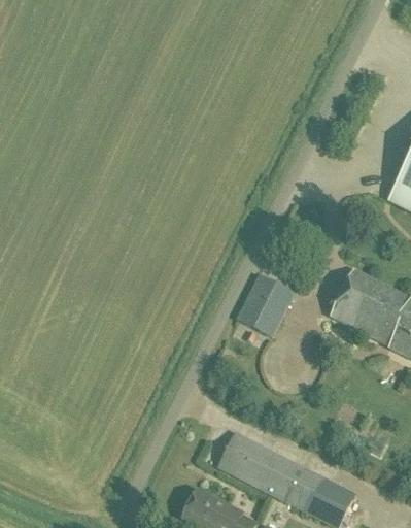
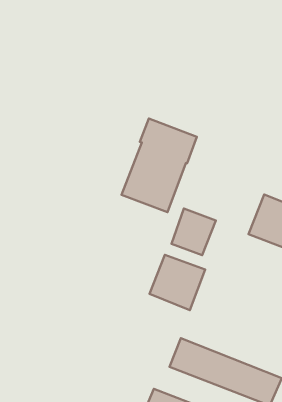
building: none -> [121,118,197,212]
building: none -> [150,255,205,310]

